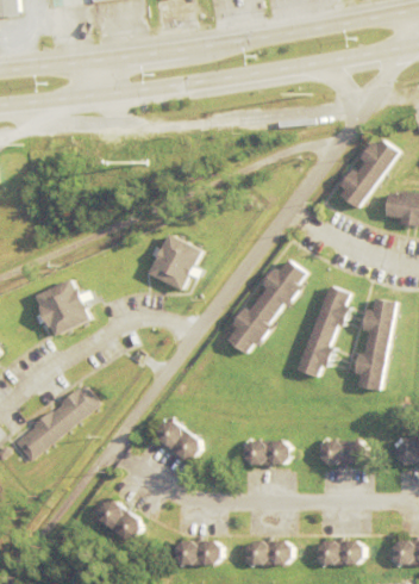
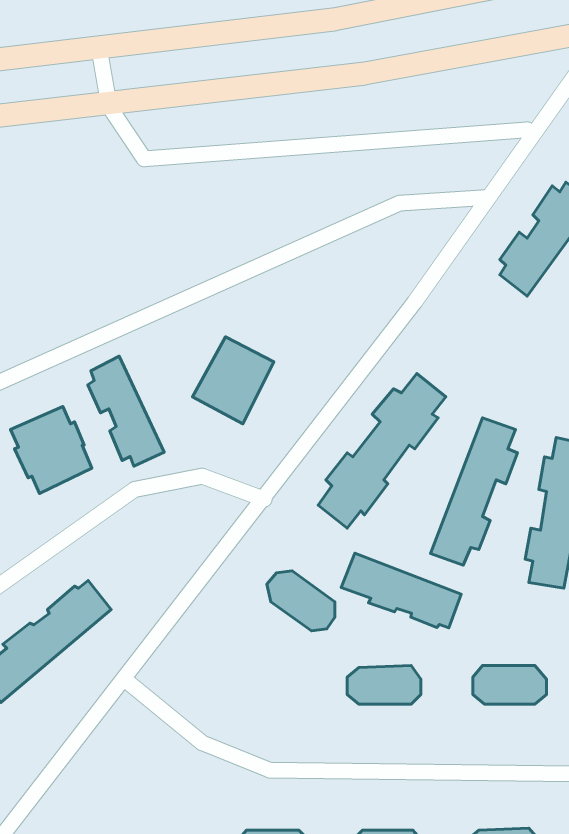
building: none -> [88,356,164,466]
building: none -> [341,553,461,628]
building: [157,420,199,456] -> [267,571,335,631]
building: [99,499,140,538] -> none

